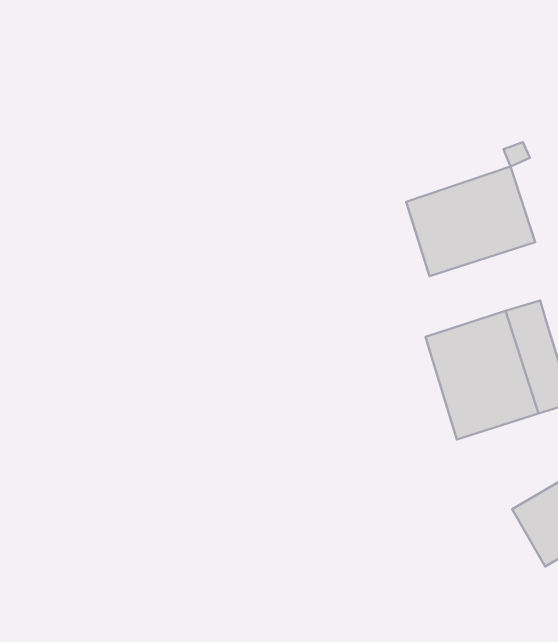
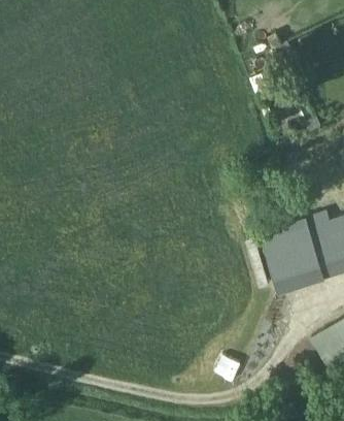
building: [406,167,535,276] -> none

